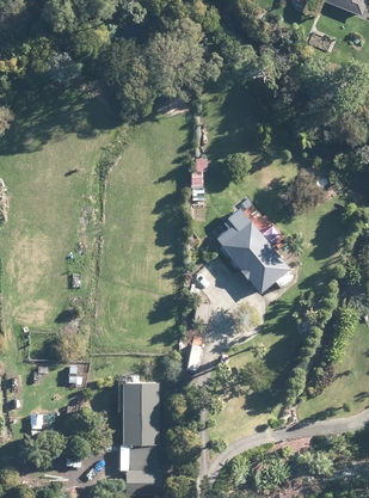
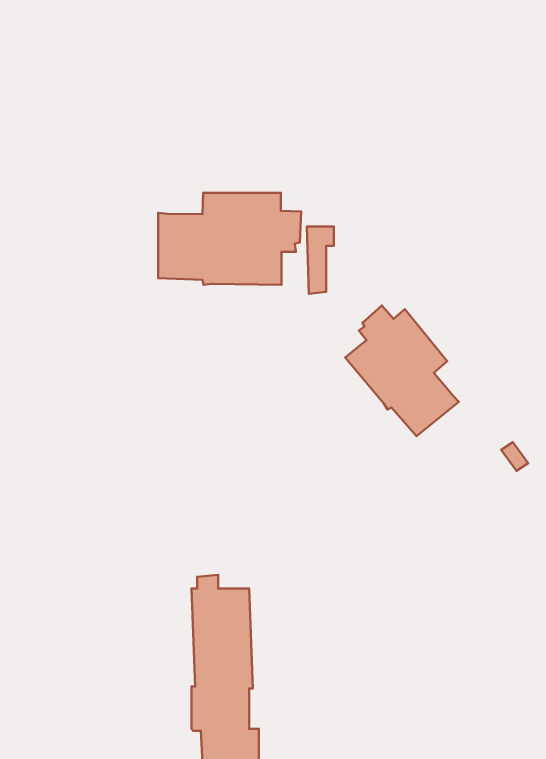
building: none -> [158,193,301,285]

